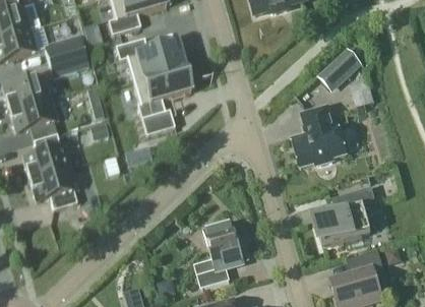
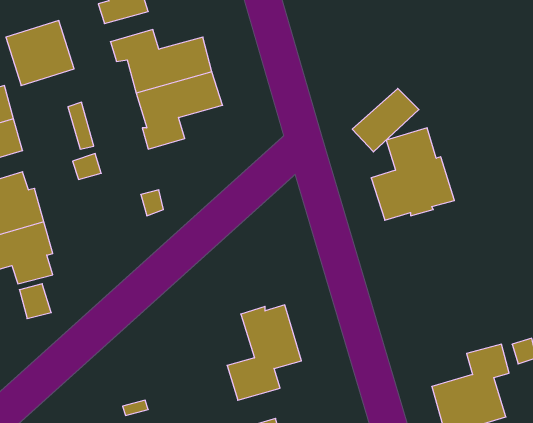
building: [317,49,362,91] -> [352,88,419,152]
building: [141,111,175,135] -> none
building: [315,187,379,246] -> none

